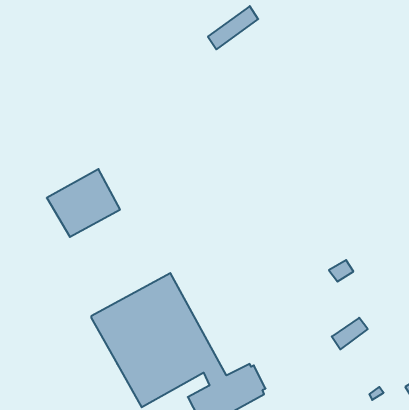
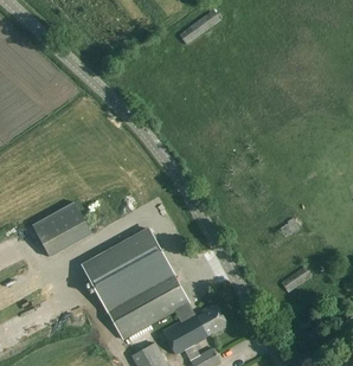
building: [47,169,120,237] -> [33,201,94,257]

